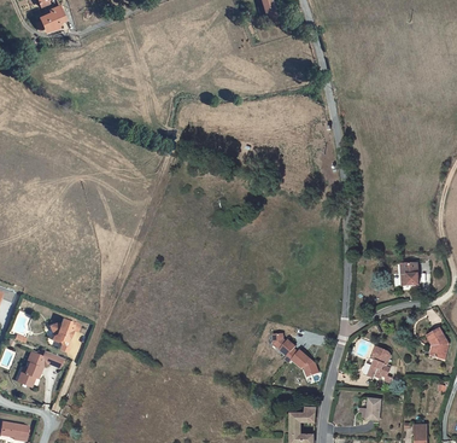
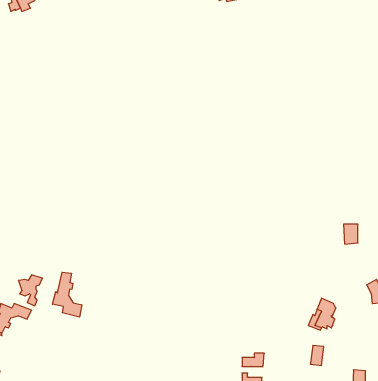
building: none -> [52,272,82,317]
building: [273,333,318,374] -> none

